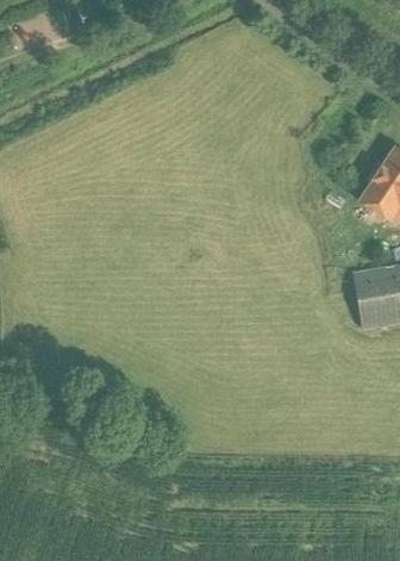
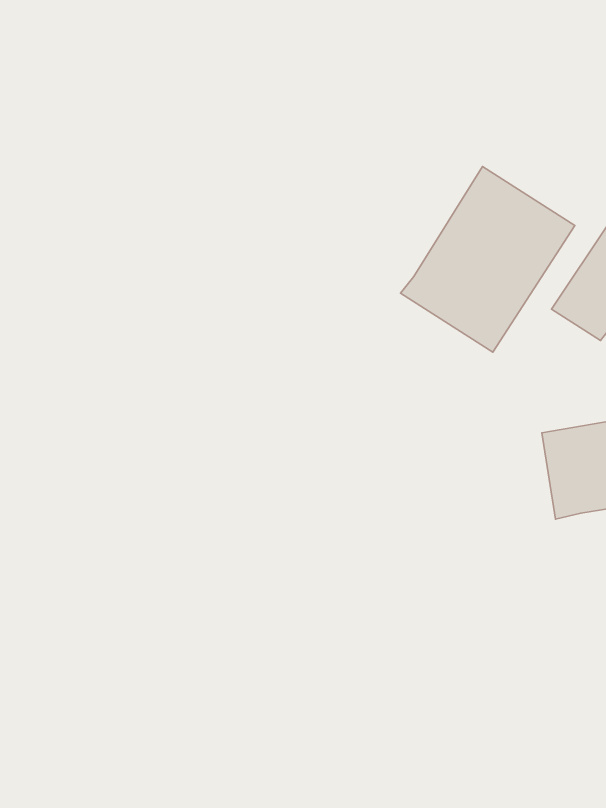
building: none -> [401,167,575,352]

